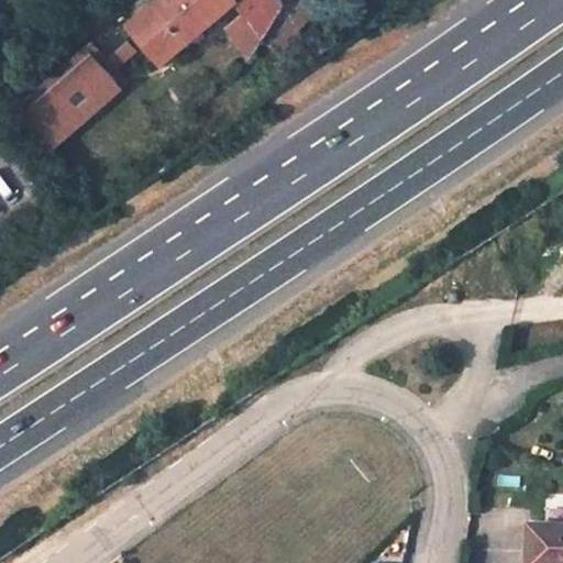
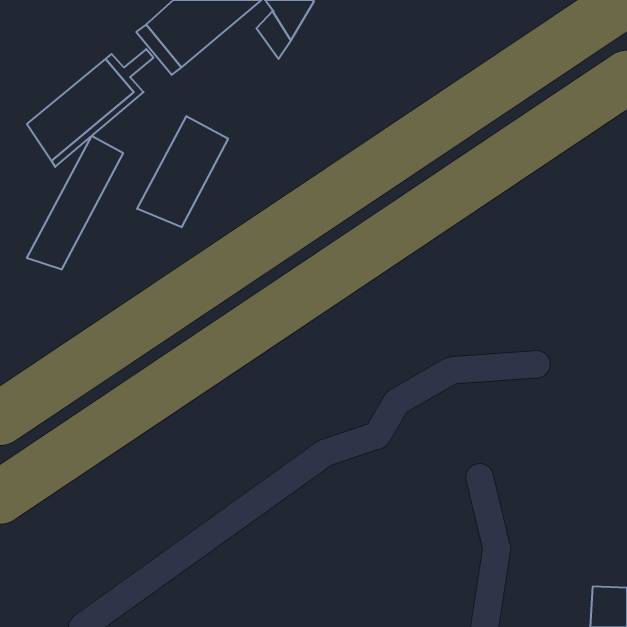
building: none -> [137,116,228,227]
building: none -> [27,136,123,270]

